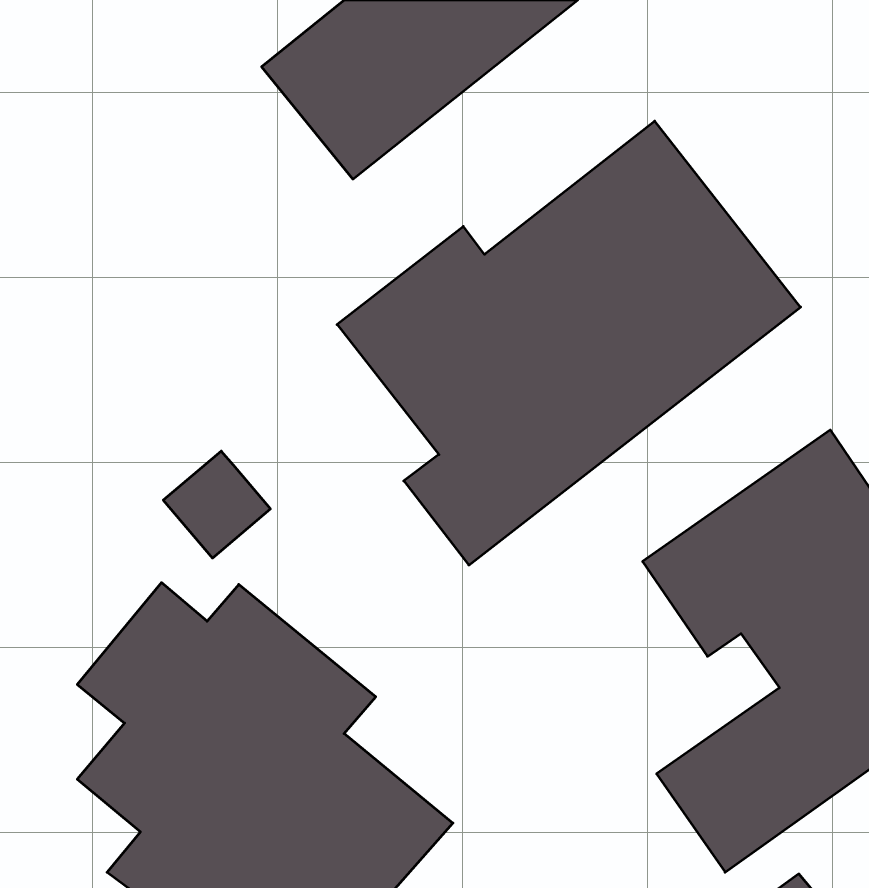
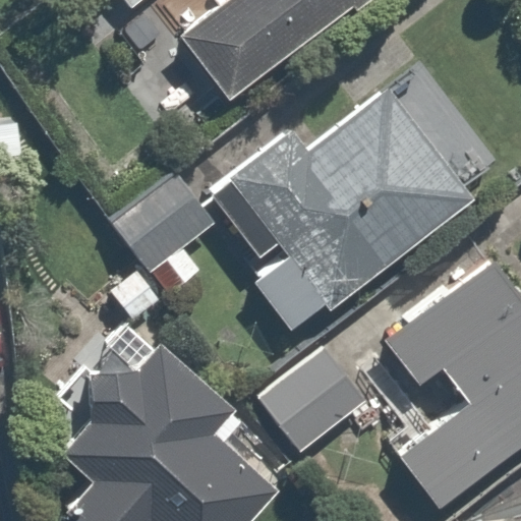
building: none -> [97,160,213,277]
building: none -> [253,328,389,458]

